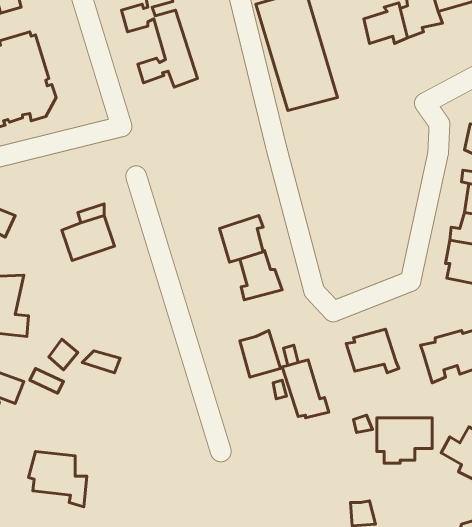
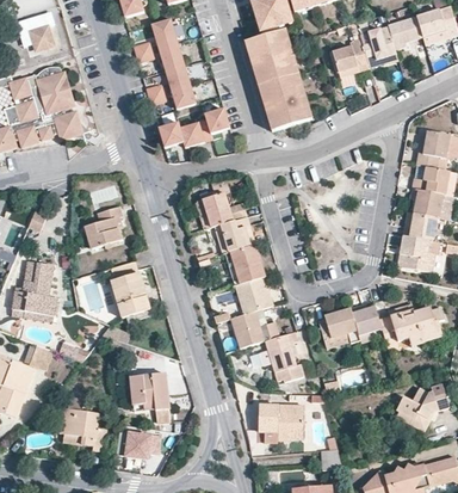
building: none -> [160,107,229,148]
building: none -> [204,191,247,224]
building: none -> [111,270,151,319]
building: none -> [235,275,271,313]
building: none -> [351,303,382,333]
building: none -> [131,372,171,421]
building: [377,418,432,463] -> [259,403,304,440]
building: none -> [117,430,161,457]

